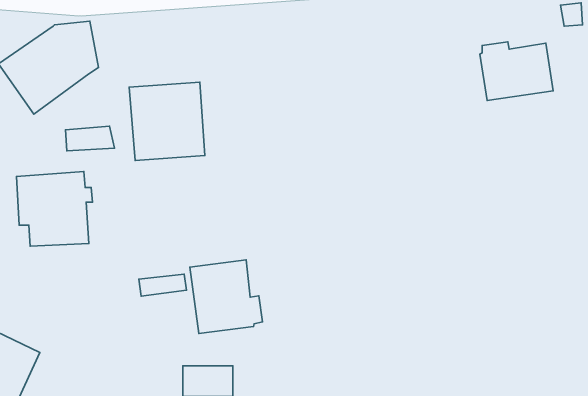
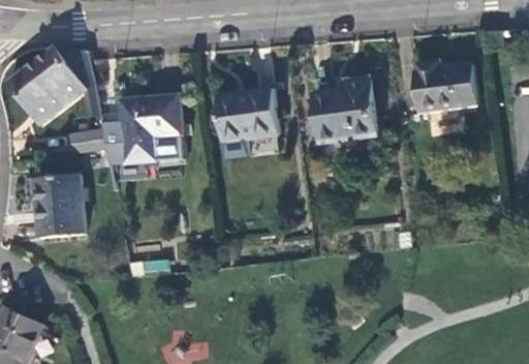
building: none -> [312,81,376,144]
building: none -> [215,90,276,143]
building: [190,260,263,334] -> none

